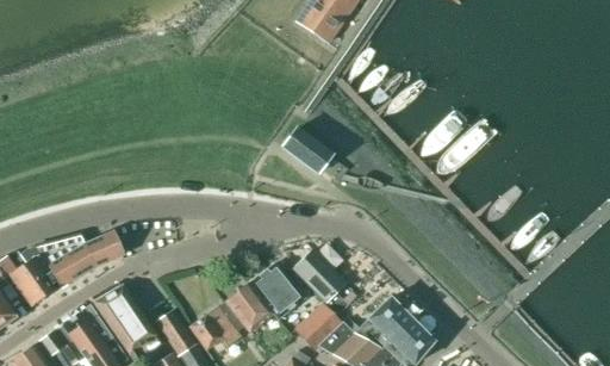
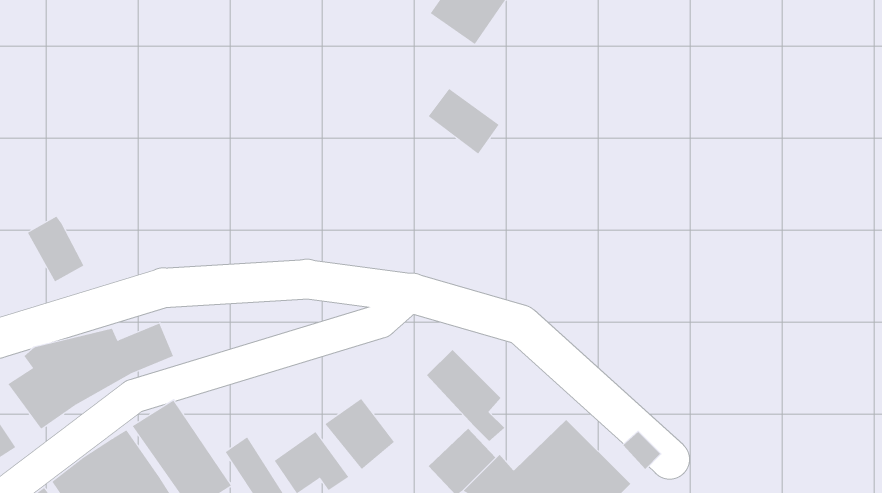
building: [284,128,332,173] -> [428,88,500,155]
building: none -> [27,216,84,282]
building: [250,263,305,320] -> none

